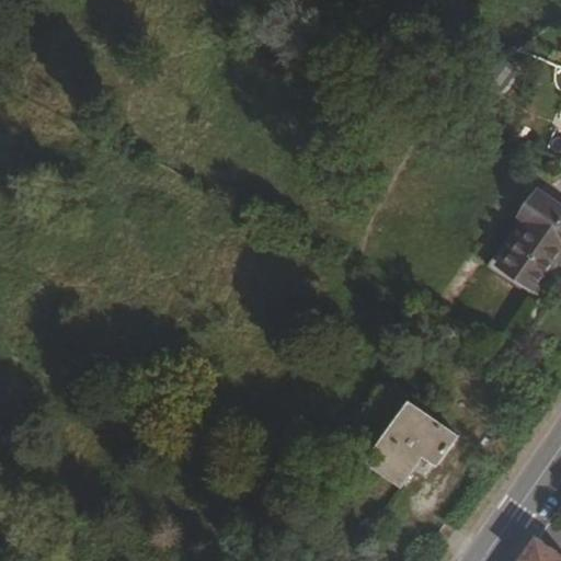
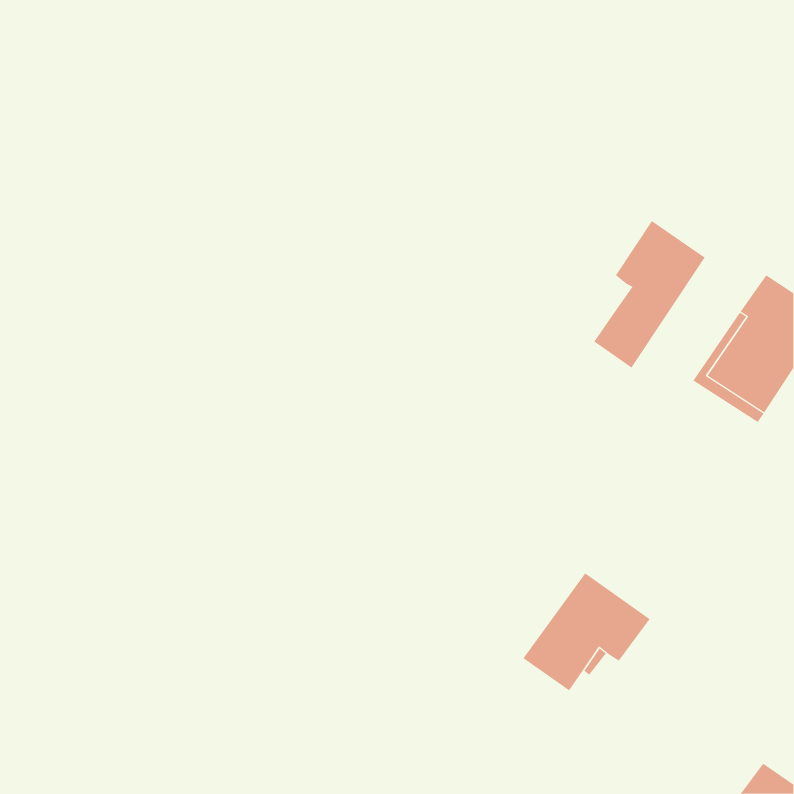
building: none -> [593,220,706,369]

